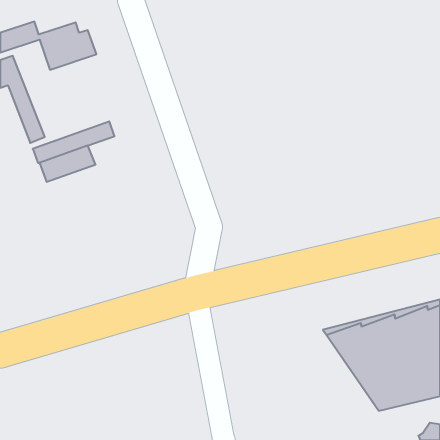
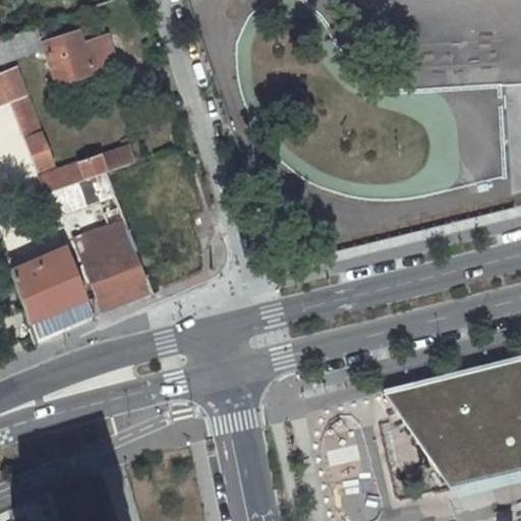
building: none -> [75,209,151,312]
building: none -> [14,249,92,337]

